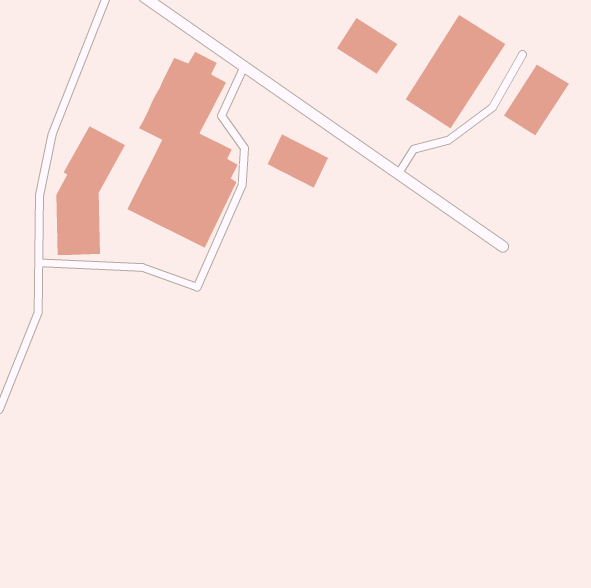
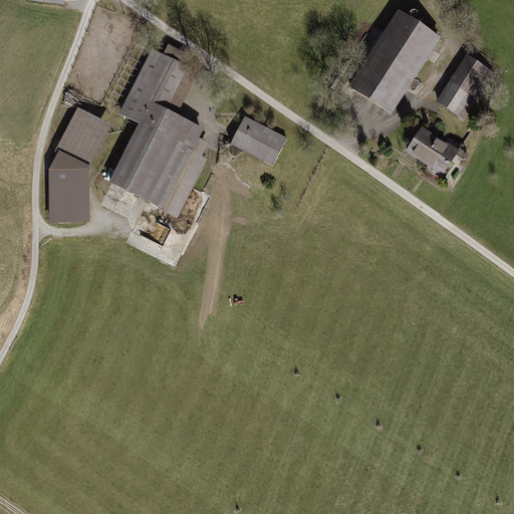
building: [336,17,399,75] -> none
building: none -> [407,126,458,174]

